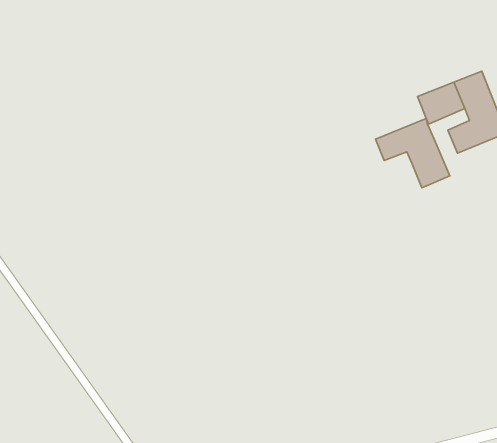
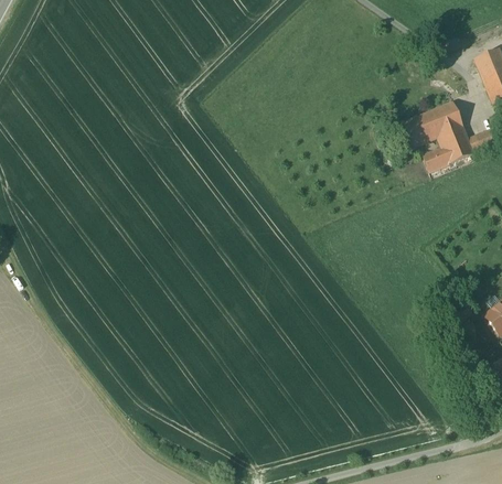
building: [376,118,450,188] -> none

